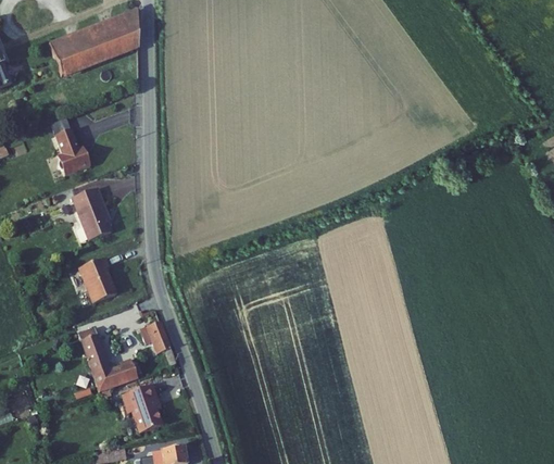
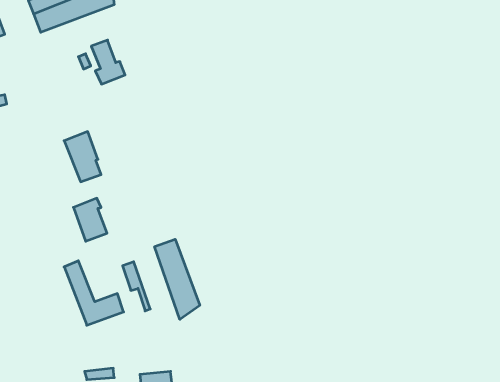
building: [54,128,90,175] -> [91,40,125,84]
building: none -> [155,239,200,319]
building: [123,383,163,428] -> none

